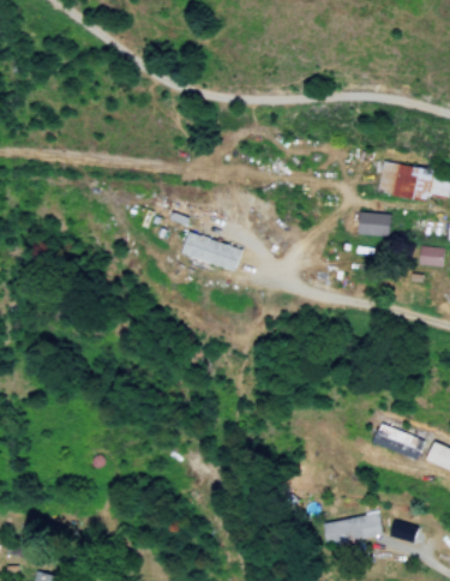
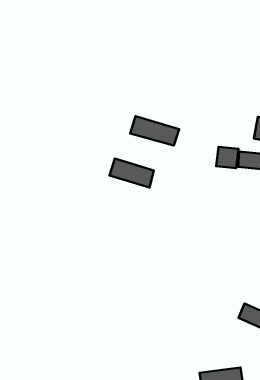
building: none -> [130,116,179,146]
building: none -> [216,147,239,168]

